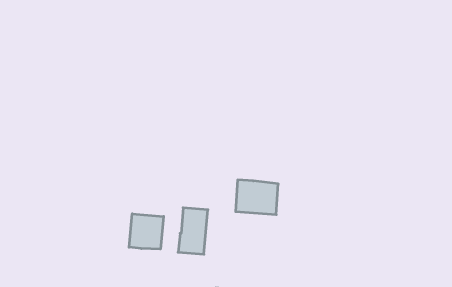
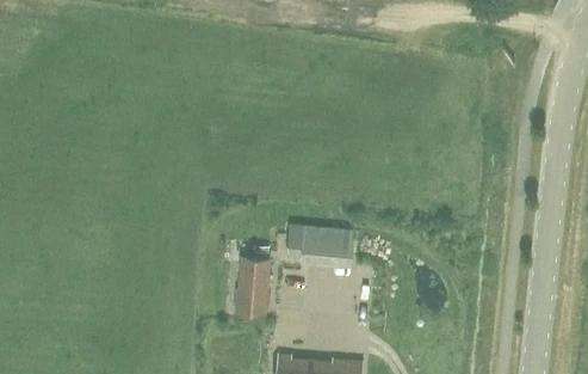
building: [129,214,164,249] -> none

